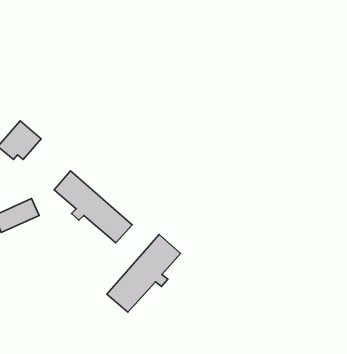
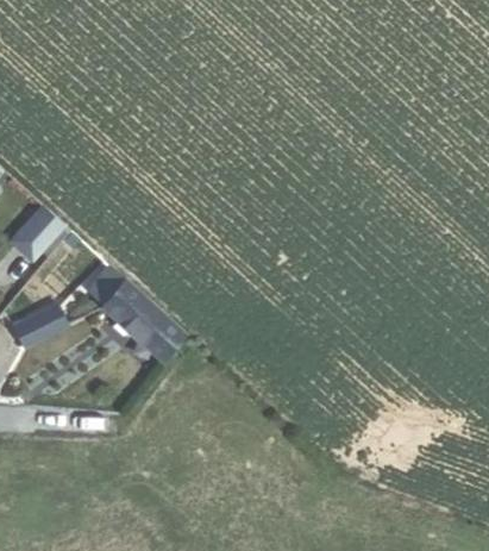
building: [107,235,180,312] -> none

